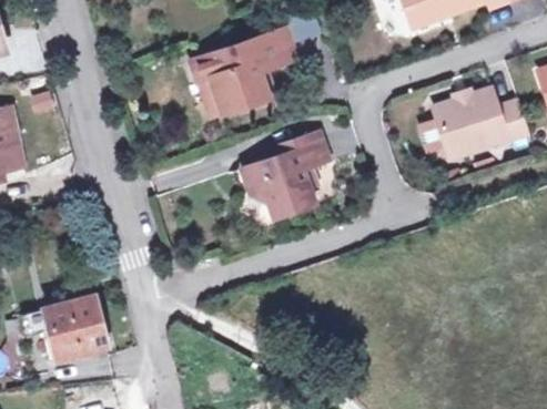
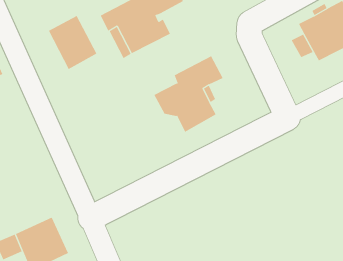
building: none -> [48,15,97,70]

